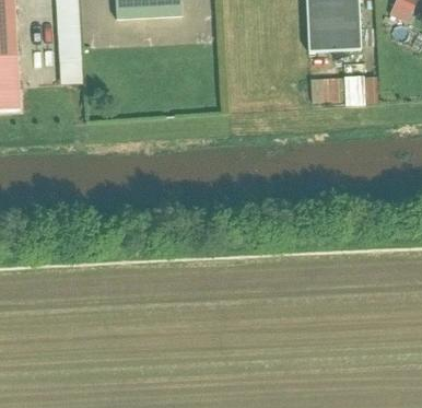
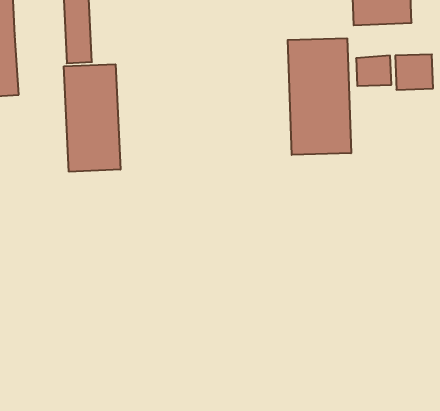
building: none -> [288,38,351,155]
building: none -> [64,64,120,172]

